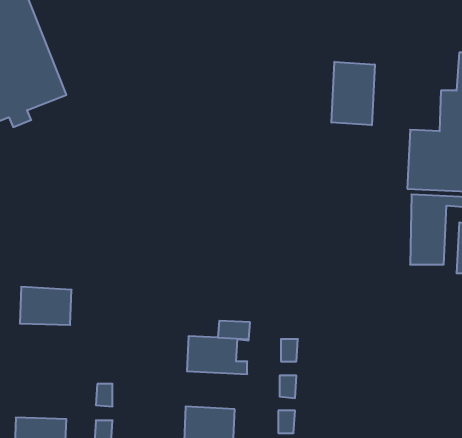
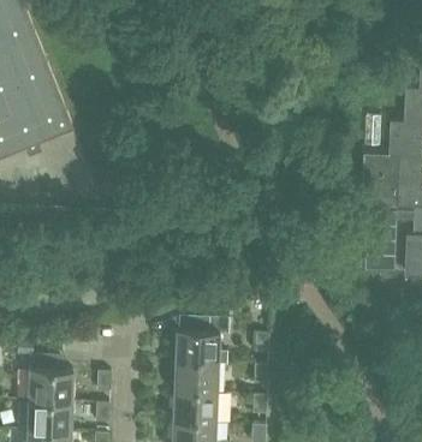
building: [331,62,375,125] -> none
building: [20,287,72,325] -> [28,370,72,402]
building: none -> [173,362,226,394]

